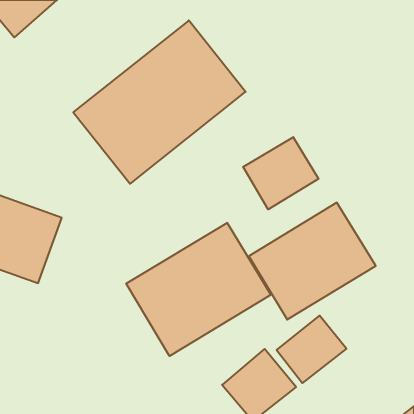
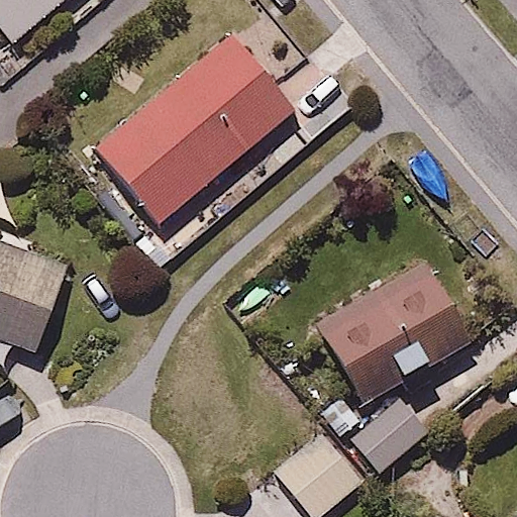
building: [243,137,318,209] -> none
building: [126,223,271,356] -> none

